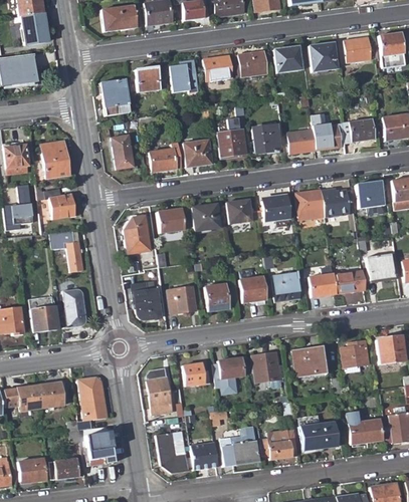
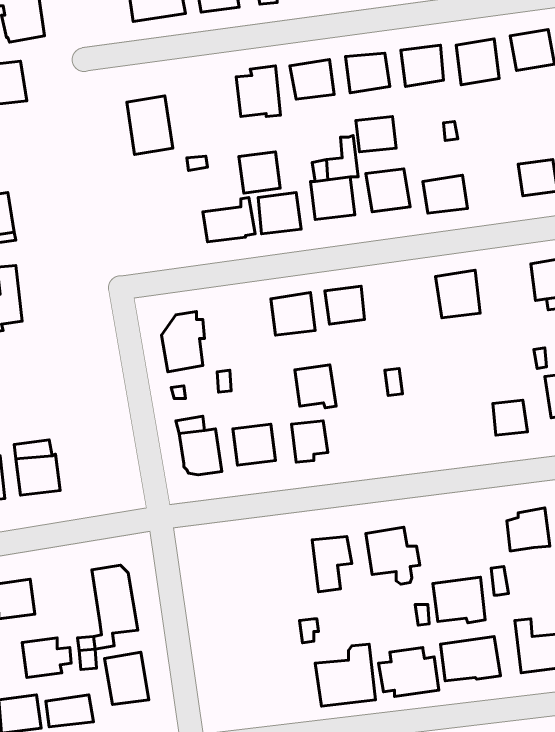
building: [135,66,161,92] -> [239,152,280,193]
building: none -> [356,117,396,152]
building: [314,126,341,150] -> none
building: [111,135,134,168] -> none
building: [42,142,69,178] -> none
building: [45,188,75,219] -> none
building: [322,188,351,217] -> none
building: [261,194,289,221] -> none
building: [158,208,185,232] -> none
building: [50,229,83,271] -> none
building: [272,270,300,302] -> none
building: [310,273,335,296] -> none
building: [239,276,265,303] -> [295,365,336,408]
building: [64,288,87,327] -> none
building: [292,345,326,374] -> [433,577,485,623]
building: [183,362,210,386] -> none
building: [147,367,173,414] -> none
building: [39,382,70,407] -> [22,638,71,677]
building: [156,432,189,472] -> none
building: [190,441,217,469] -> none

